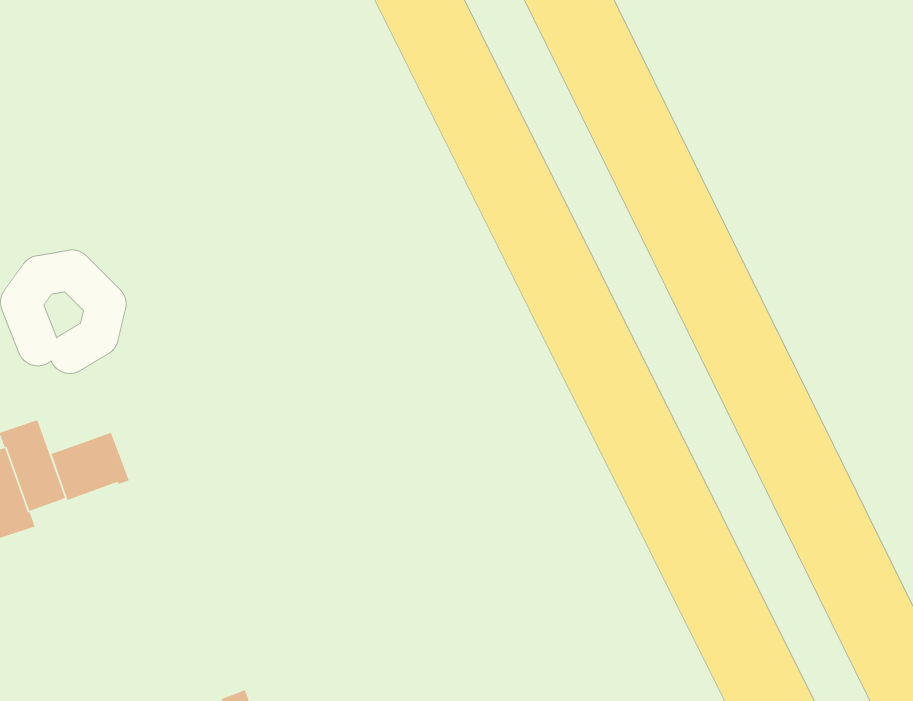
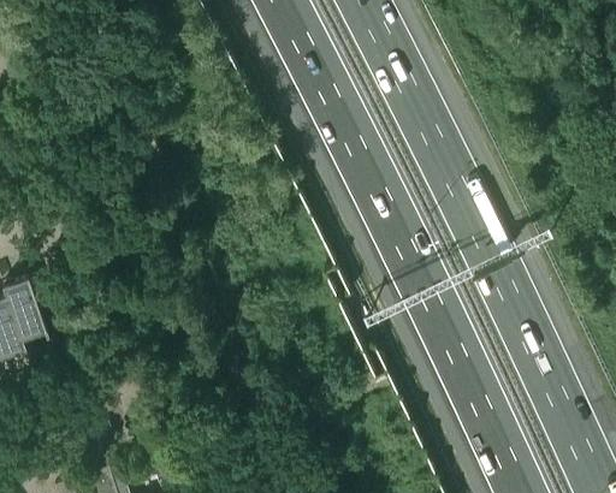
building: [50,432,130,501] -> none

